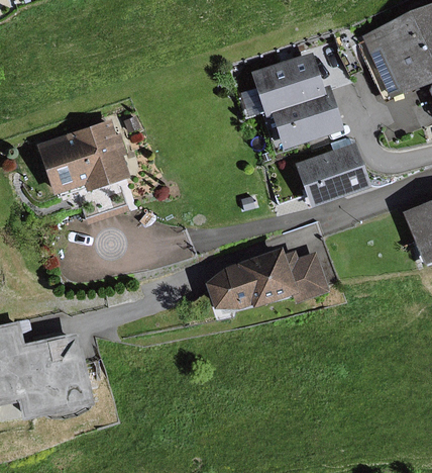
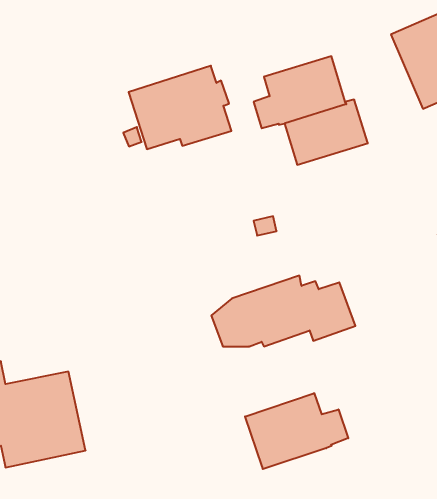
building: [37,120,128,194] -> [129,66,231,149]
building: [295,137,370,207] -> none
building: none -> [245,393,348,469]

